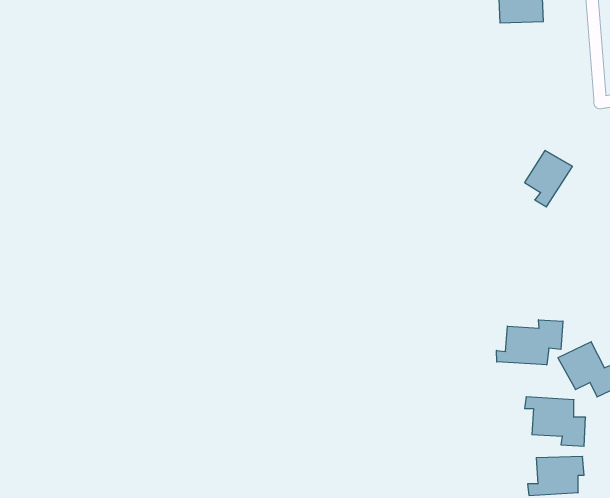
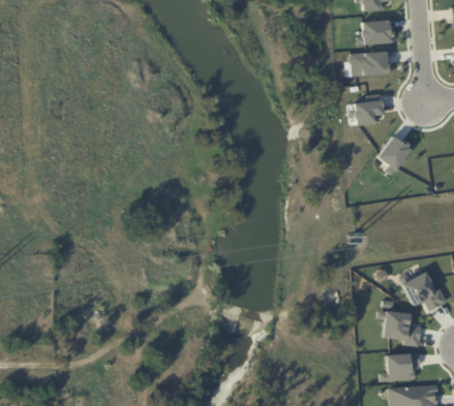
building: none -> [347,52,393,76]
building: none -> [352,94,384,125]
building: [497,320,563,365] -> none

